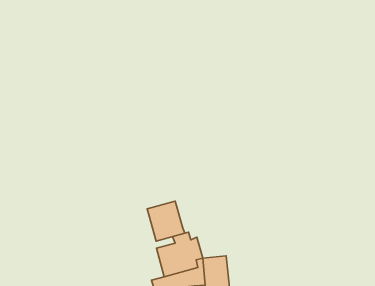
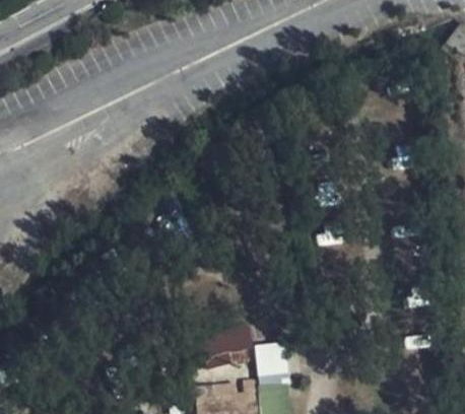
building: [147,201,185,241] -> none

